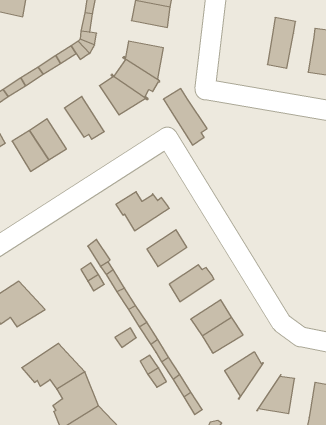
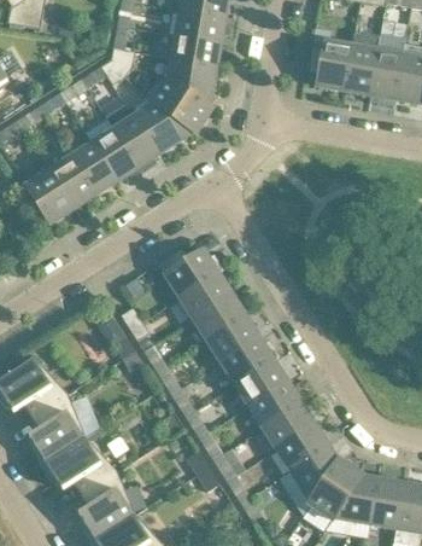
building: none -> [171,35,219,69]
building: none -> [306,42,351,89]
building: none -> [368,51,402,99]
building: [163,89,207,145] -> [105,103,159,173]
building: none -> [70,144,116,194]
building: none -> [178,268,230,319]
building: none -> [207,316,258,362]
building: none -> [235,360,286,406]
building: none -> [28,394,84,466]
building: none -> [276,425,327,470]
building: none -> [309,460,361,519]
building: none -> [370,472,403,528]

